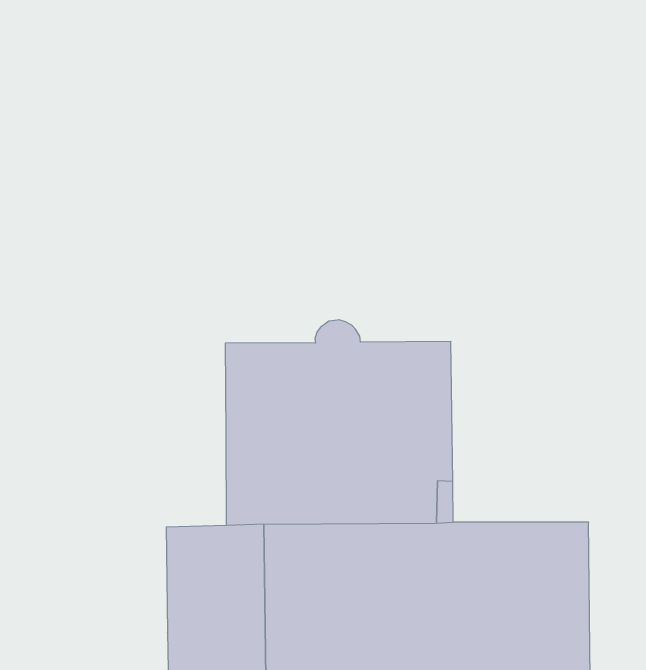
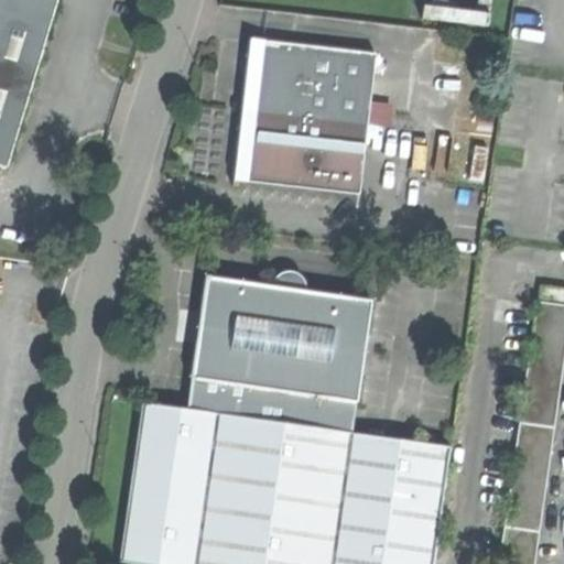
building: none -> [235,40,376,195]

